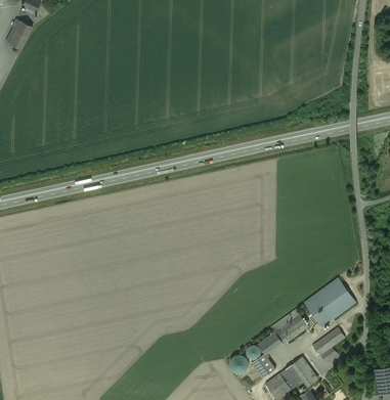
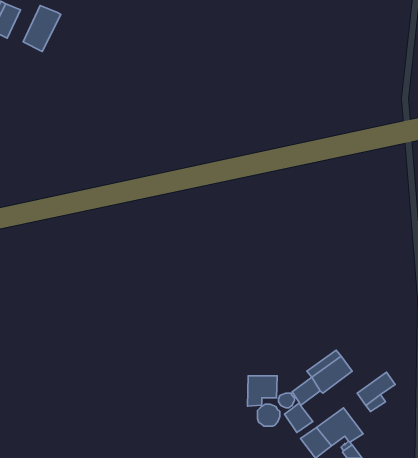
building: none -> [23,5,61,51]
building: [303,277,355,326] -> none
building: none -> [248,376,277,406]

